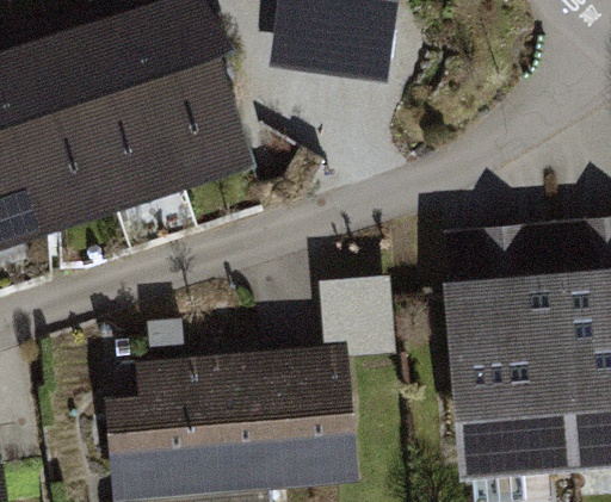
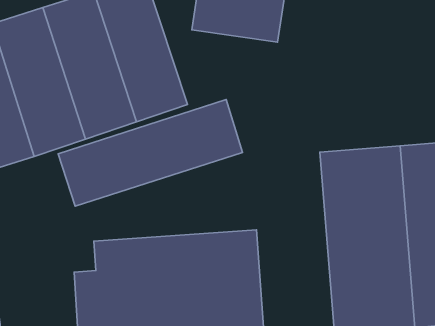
building: none -> [58,99,242,206]

